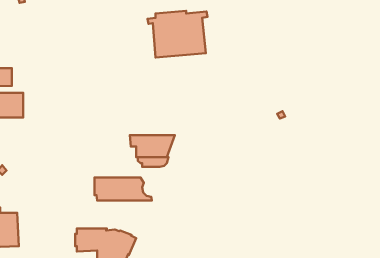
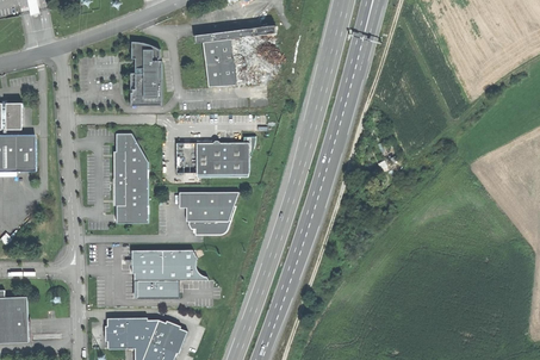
building: none -> [128,42,160,105]
building: none -> [112,134,148,224]
building: none -> [176,135,255,176]
building: none -> [132,280,176,298]

